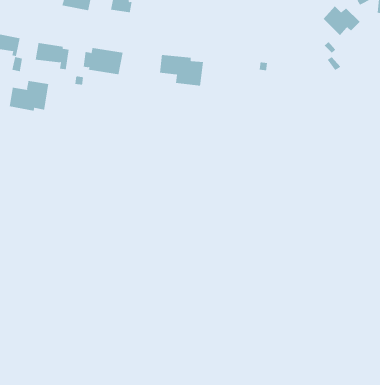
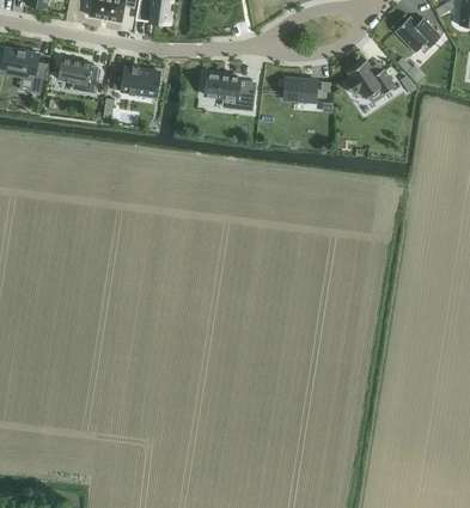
building: none -> [344,60,396,97]
building: none -> [283,76,318,102]
building: [9,80,49,112] -> none

